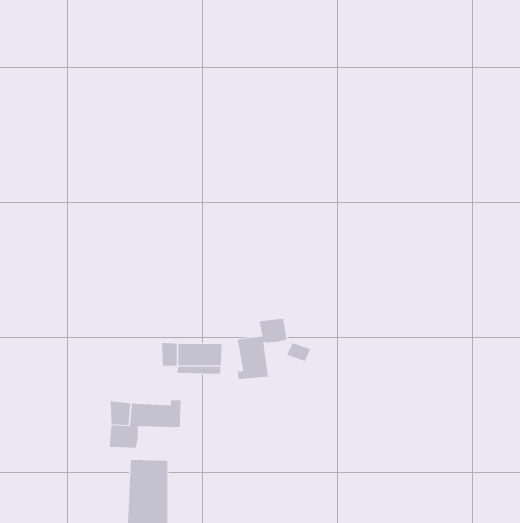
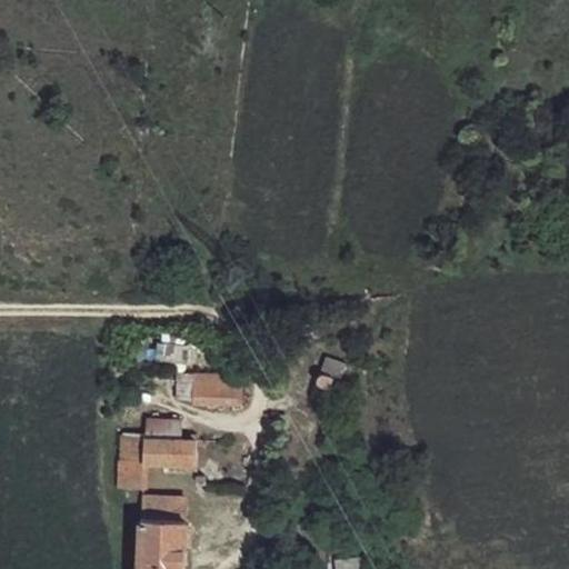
building: [237,318,287,380] -> none

